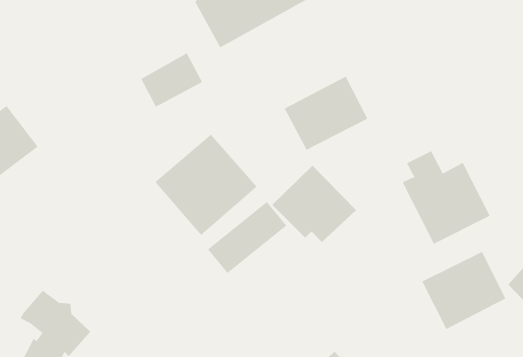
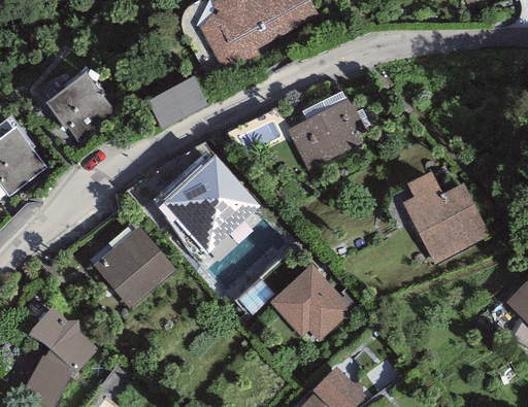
building: none -> [45,72,117,143]
building: [271,165,357,243] -> [269,263,353,339]
building: none -> [94,226,175,307]
building: [421,251,506,330] -> none

